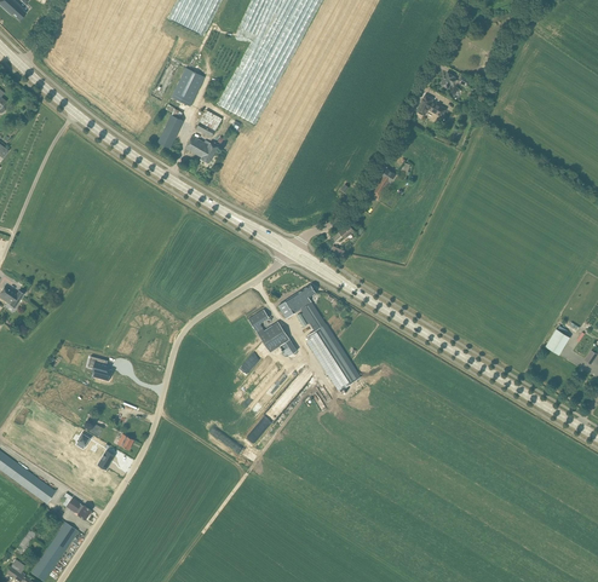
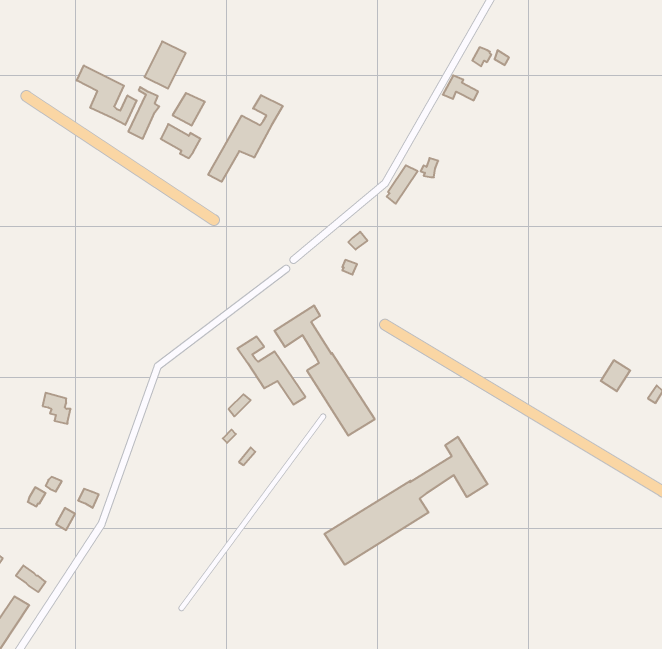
building: none -> [77,65,137,125]
building: none -> [208,95,283,182]
building: none -> [325,437,488,565]

